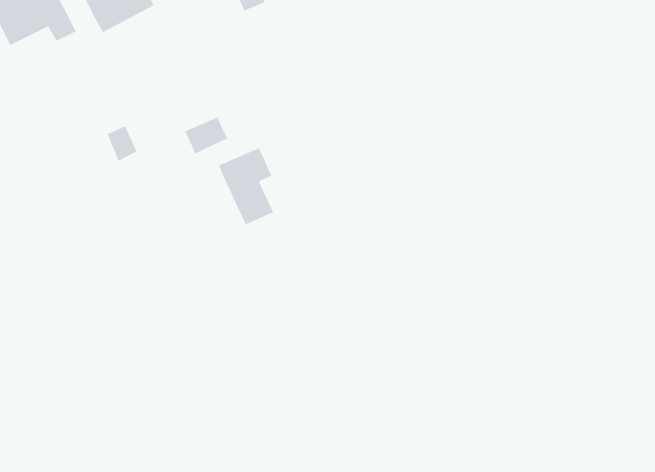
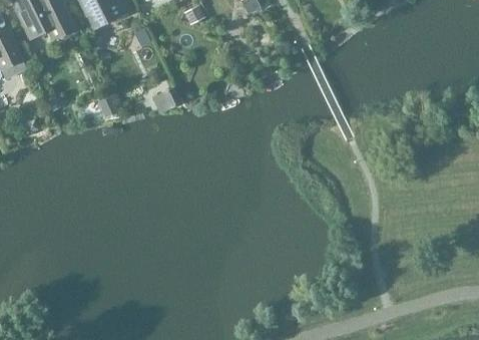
building: [218,147,274,225] -> none

